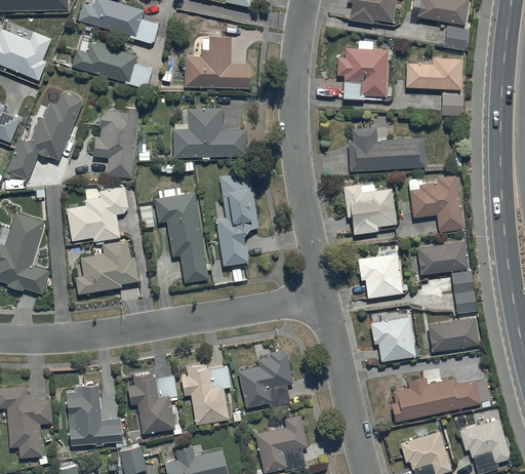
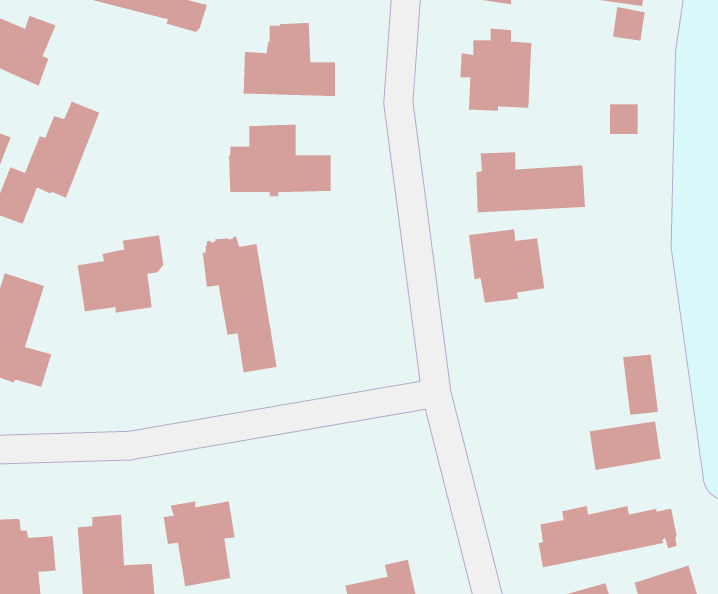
building: [71,43,152,89] -> none
building: [405,58,462,89] -> none
building: [92,108,138,180] -> none
building: [215,172,258,267] -> none
building: [409,176,462,232] -> none
building: [76,241,138,294] -> none
building: [416,242,468,275] -> none
building: [358,254,406,299] -> none
building: [370,317,415,362] -> none
building: [238,351,293,408] -> none
building: [180,365,231,426] -> none

